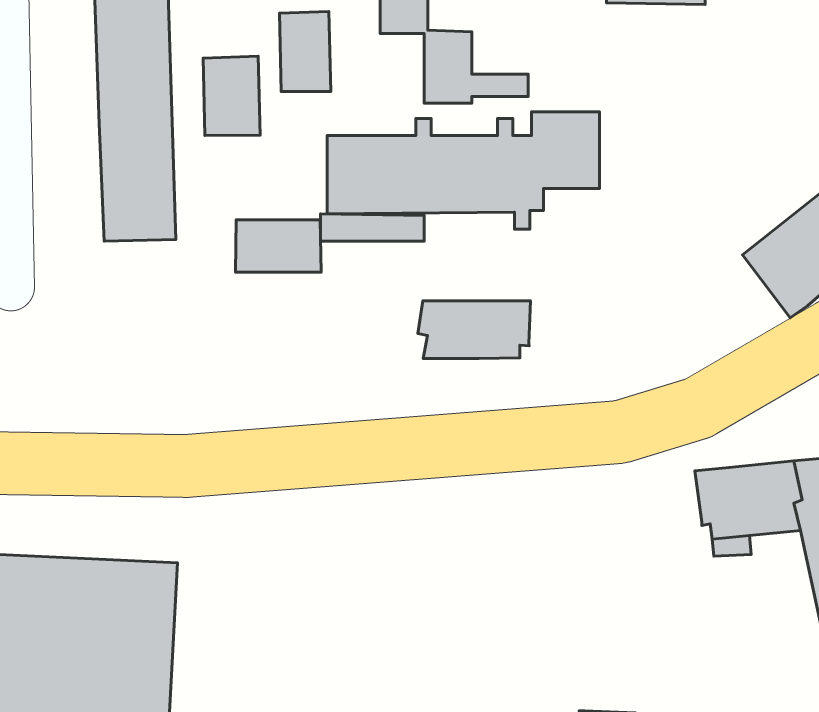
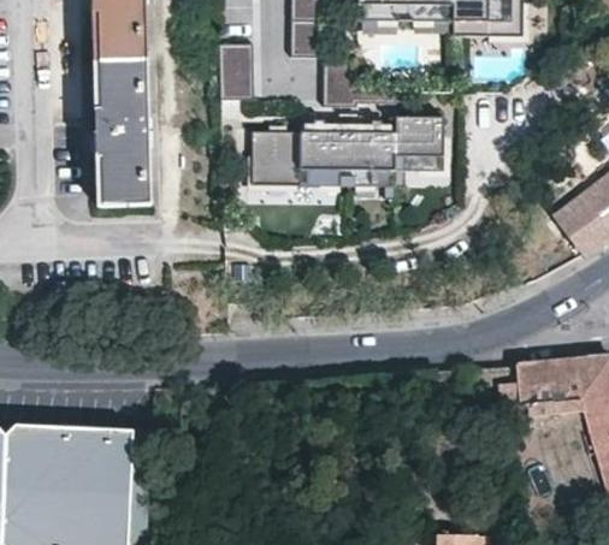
building: [203,56,260,136] -> none
building: [236,220,321,272] -> none
building: [418,301,531,358] -> none

